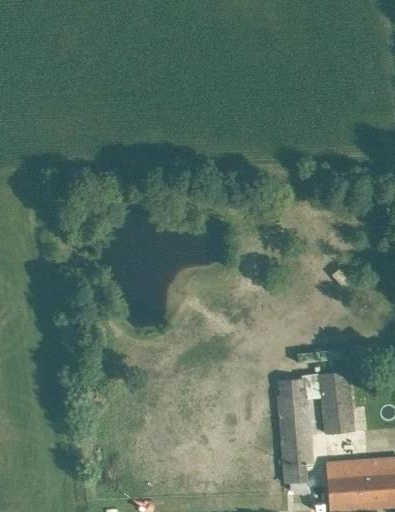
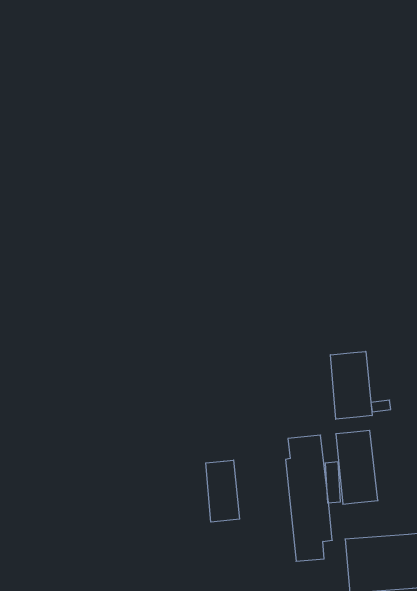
building: none -> [330,351,372,419]
building: none -> [206,460,240,522]

